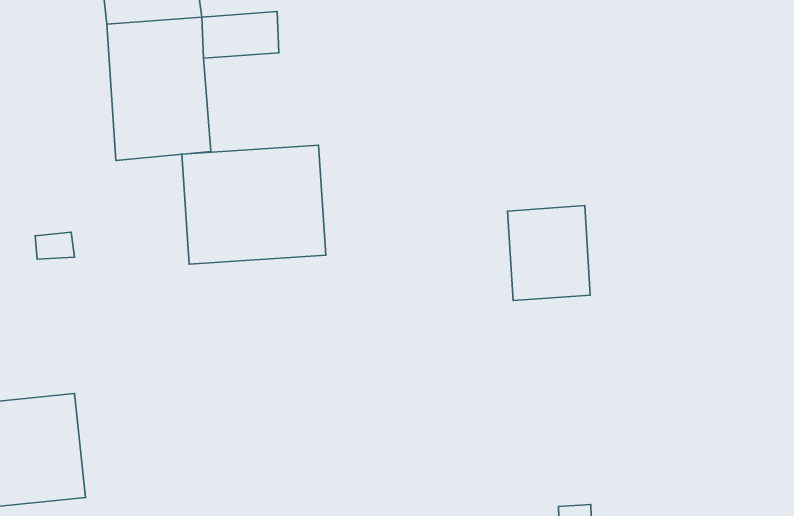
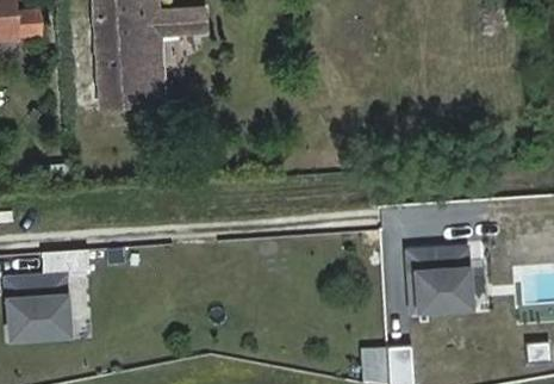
building: [182,145,326,264] -> none
building: [508,206,590,301] -> [417,243,472,306]

